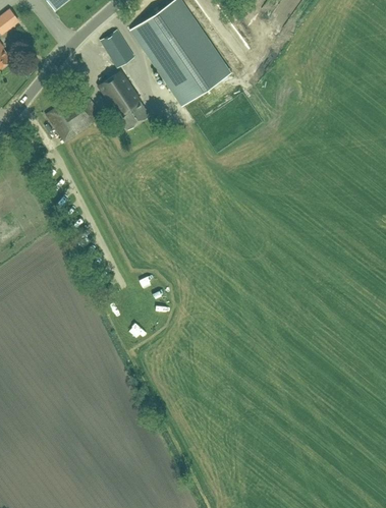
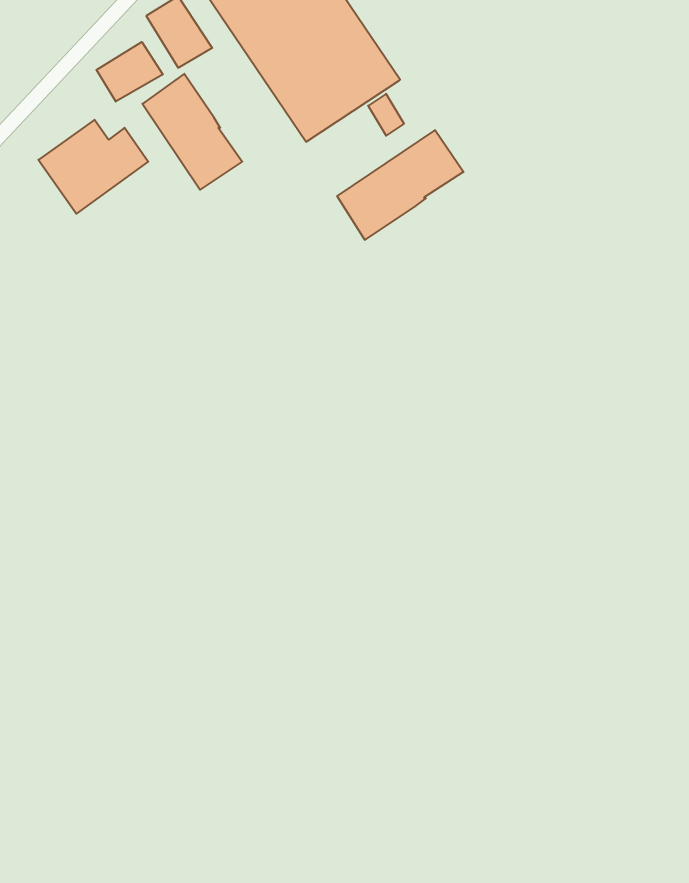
building: none -> [96,42,163,102]
building: none -> [337,130,464,240]

